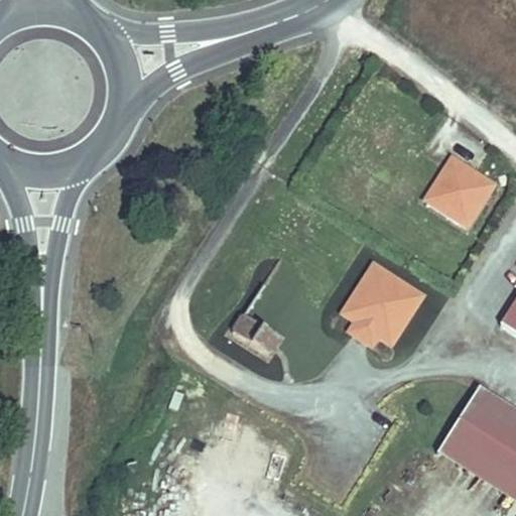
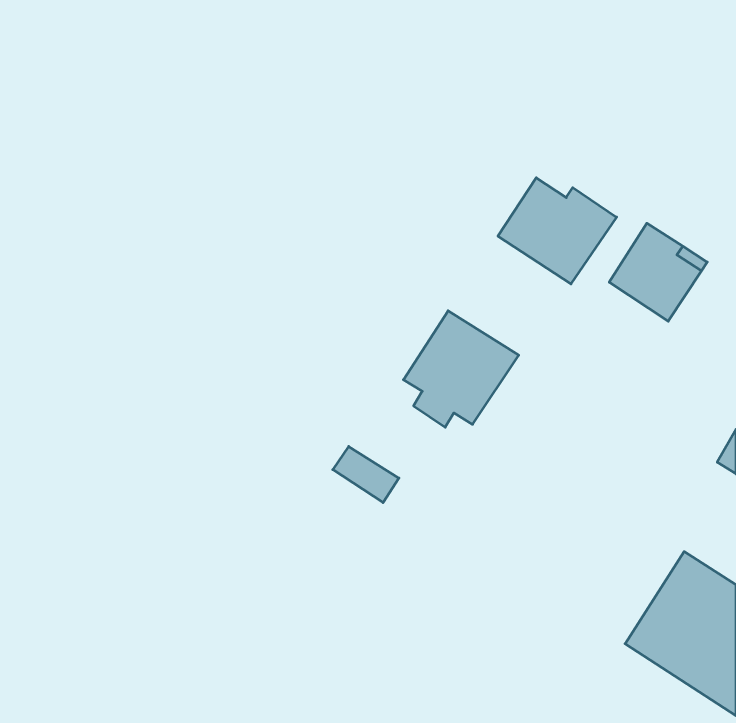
building: none -> [498,178,617,284]
building: [343,263,423,345] -> [403,311,519,427]

